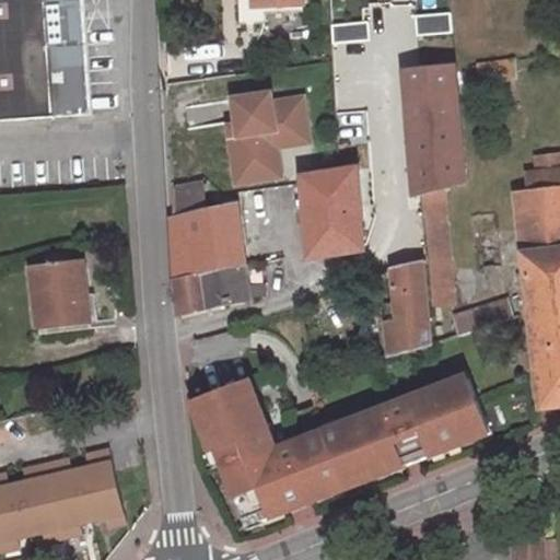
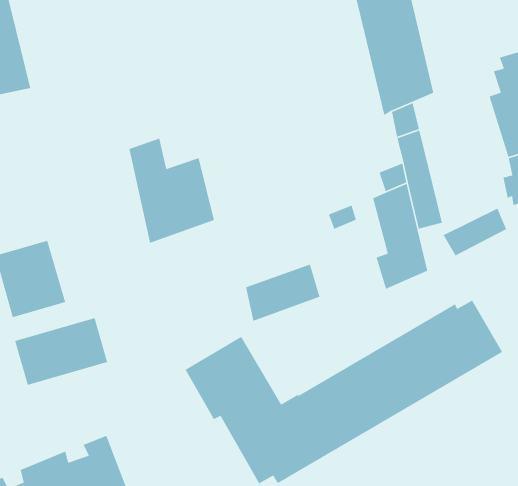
building: [224,89,312,186] -> none
building: [300,167,362,257] -> none
building: [175,266,244,312] -> [245,263,321,322]
building: none -> [14,317,108,386]

